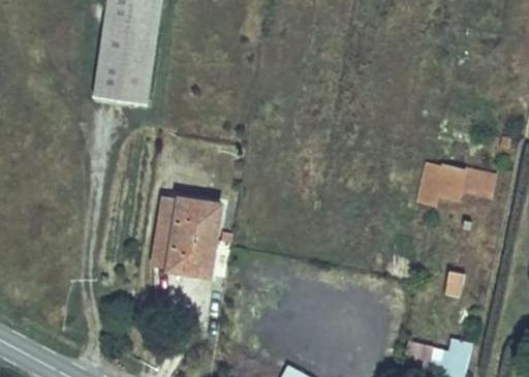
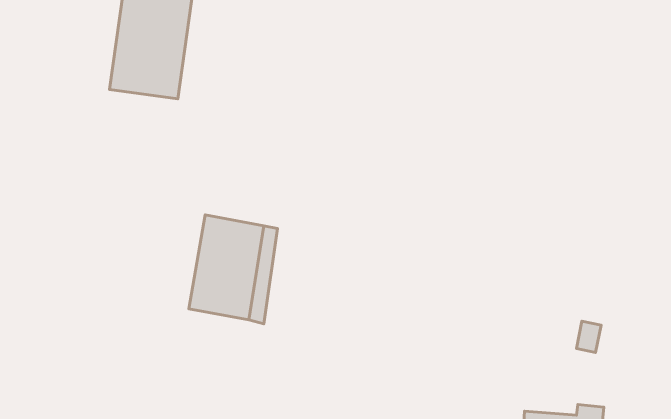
building: [419,165,498,209] -> none

